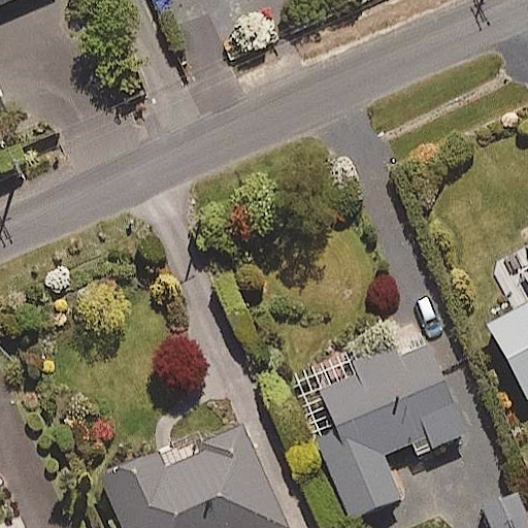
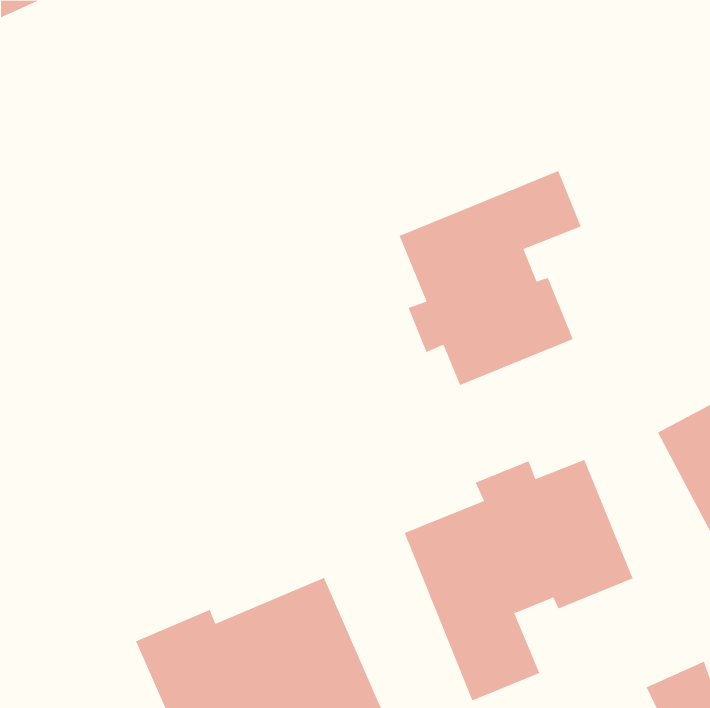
building: none -> [399,170,582,386]

